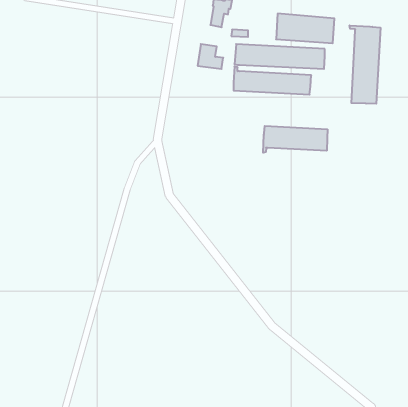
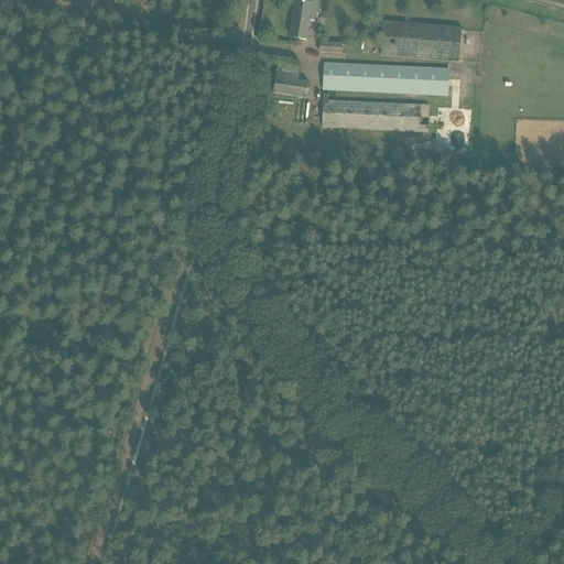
building: [350,25,380,104] -> none
building: [263,126,327,153] -> none

